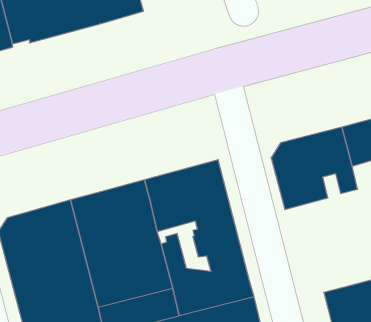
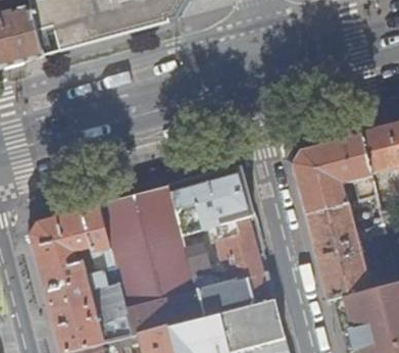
building: none -> [305,202,370,299]

